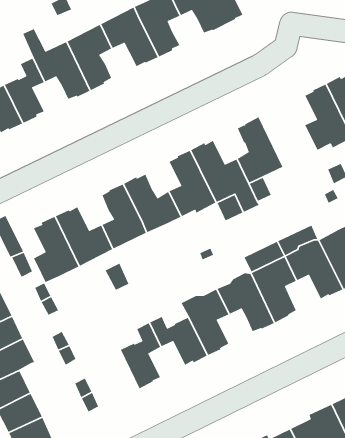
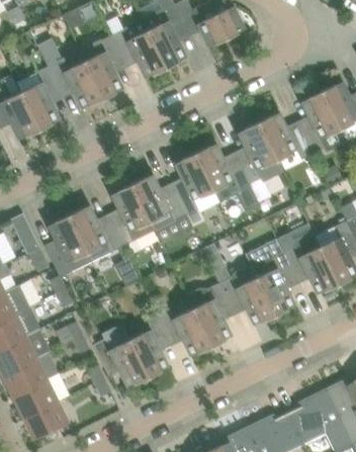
building: none -> [259,114,314,160]
building: none -> [93,329,148,386]

